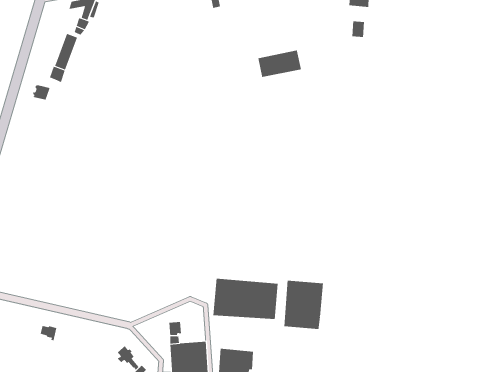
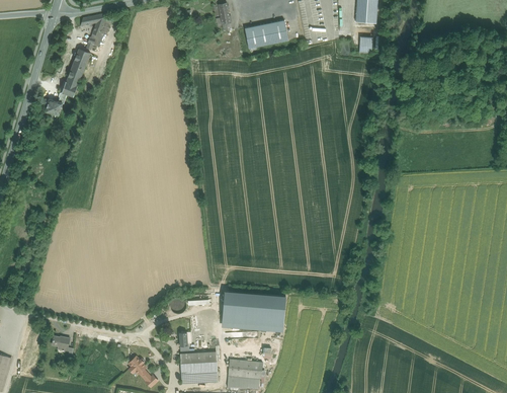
building: [258,50,302,78] -> [244,20,287,48]
building: [284,280,323,330] -> none

